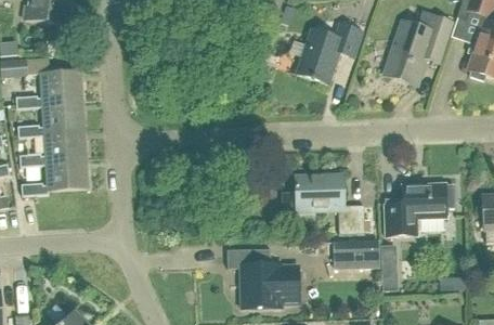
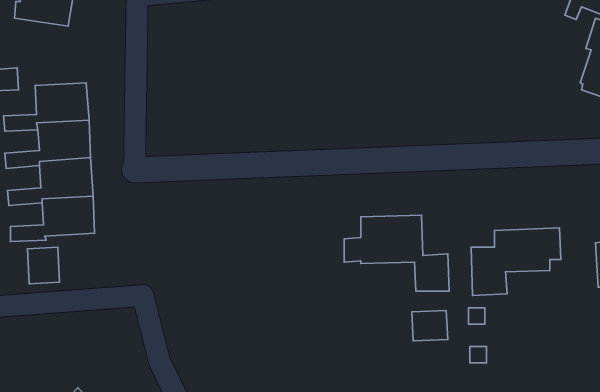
building: [383,15,450,82] -> none
building: [296,23,361,84] -> none
building: none -> [28,247,59,284]
building: [225,249,298,308] -> none

